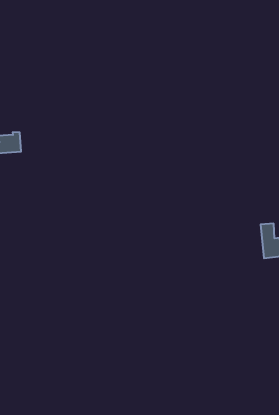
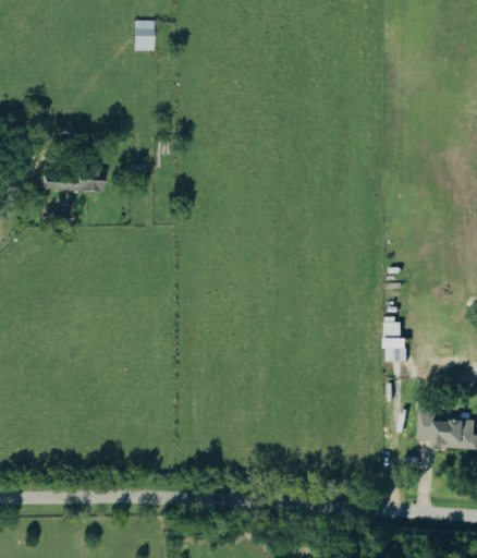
building: none -> [133,20,154,50]

